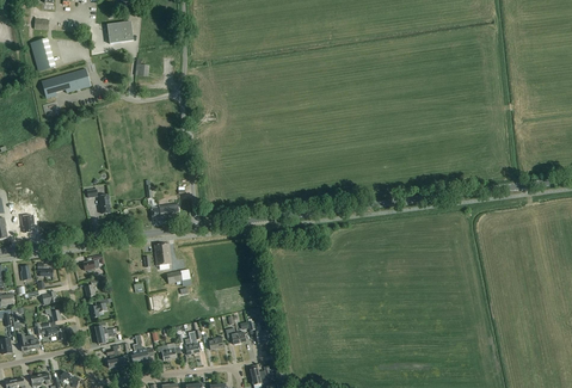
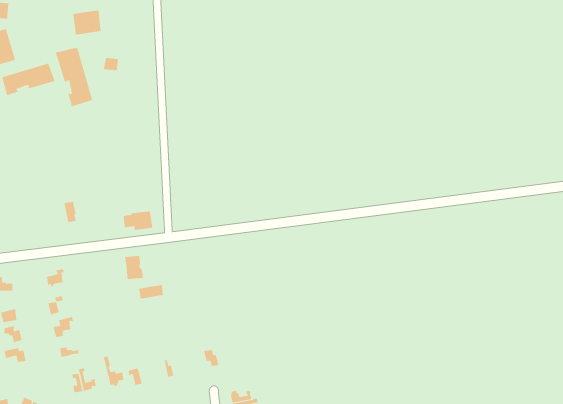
building: none -> [55,47,93,107]

